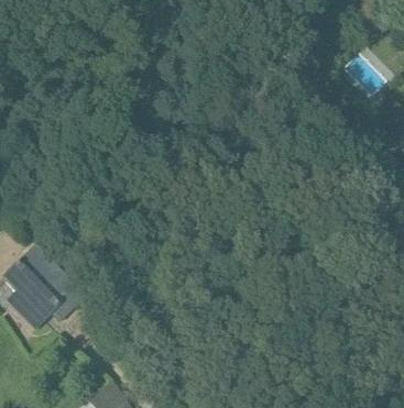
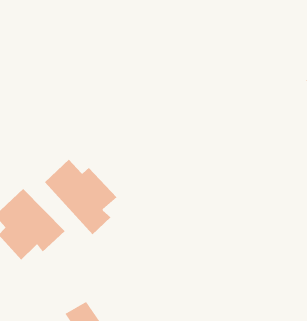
building: none -> [44,159,117,235]

